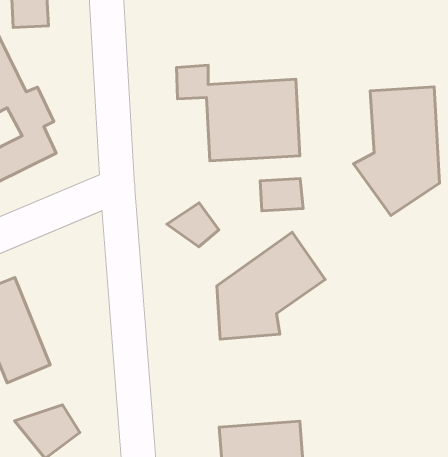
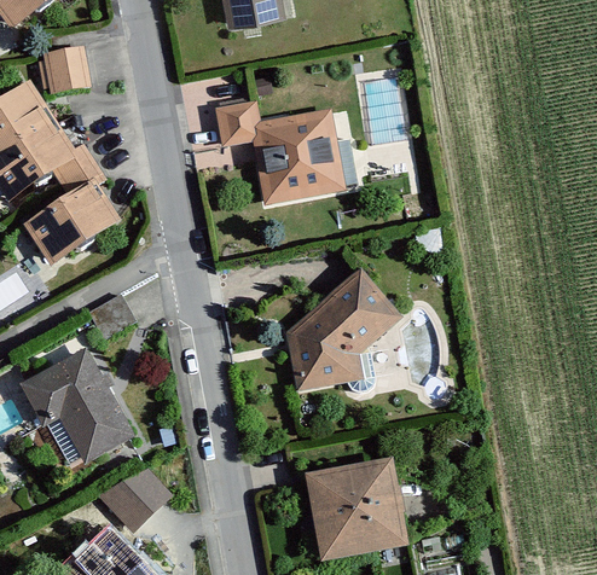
building: [354,87,440,216] -> none
building: [260,179,303,211] -> none
building: [167,203,219,247] -> none

